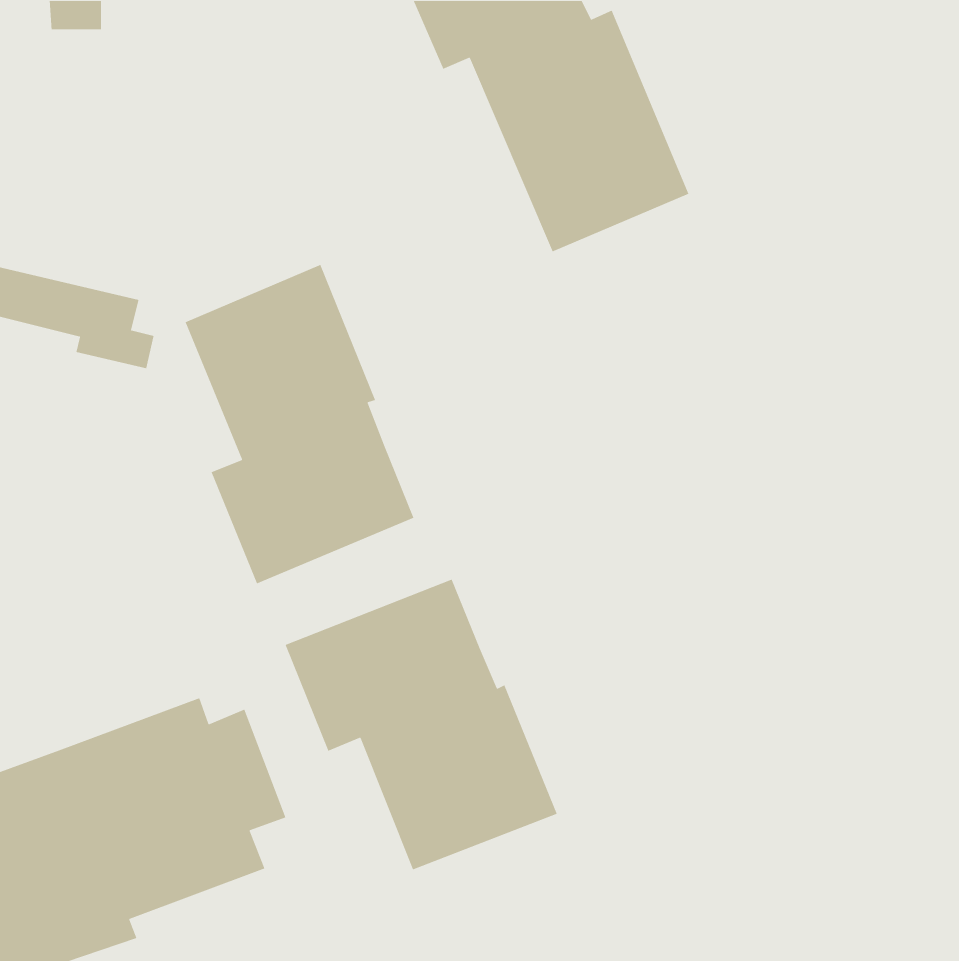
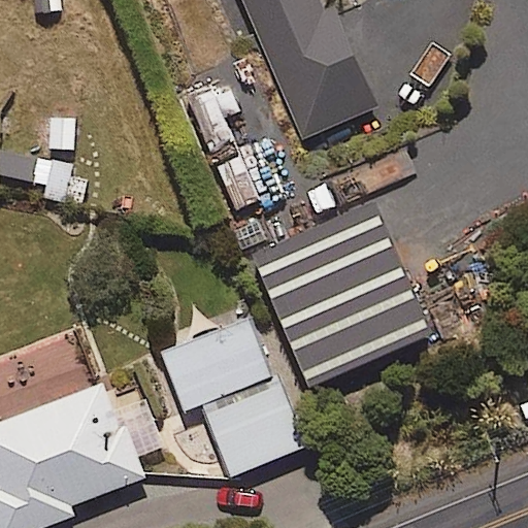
building: [184,264,414,584] -> none
building: none -> [257,212,434,388]

